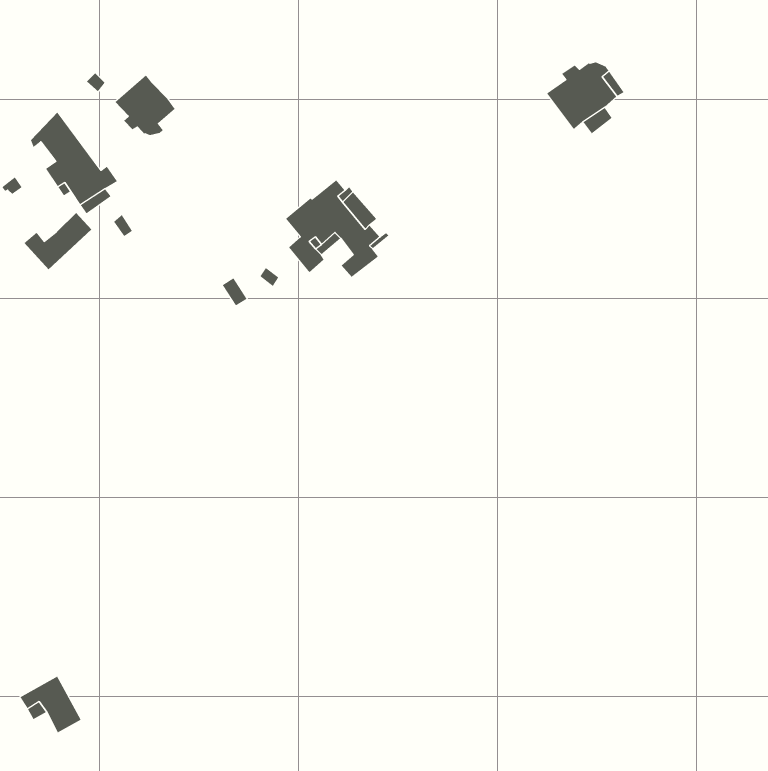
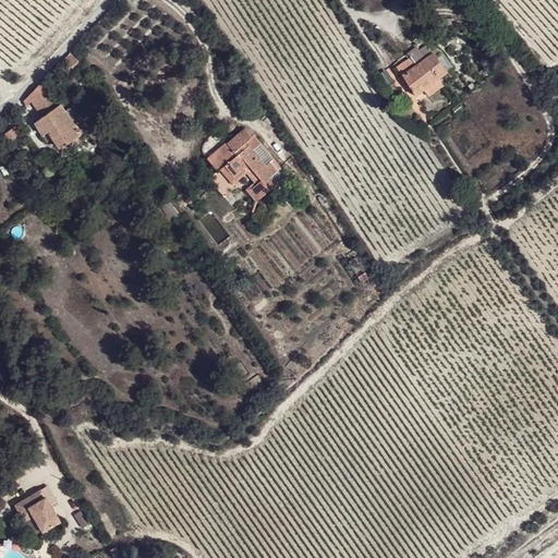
building: [115,74,176,136] -> none
building: [24,212,92,270] -> none

